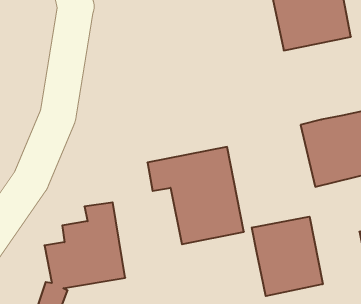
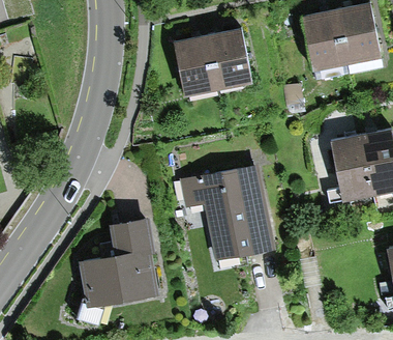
building: none -> [173,28,251,96]
building: [252,217,323,296] -> none

